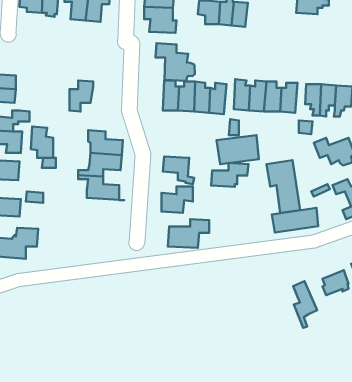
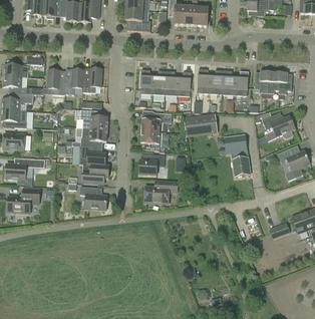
building: [156,43,195,81] -> none
building: none -> [82,68,102,92]
building: [31,127,53,158] -> [47,69,65,94]
building: [211,163,248,187] -> [141,112,172,131]
building: none -> [79,164,109,183]
building: [272,208,318,232] -> none
building: none -> [80,187,107,210]
building: [293,281,317,328] -> none

